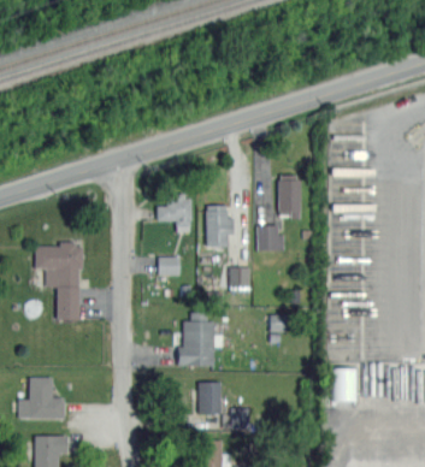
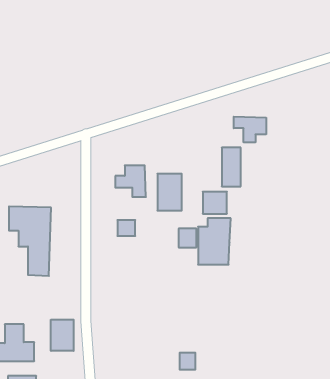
building: none -> [234,117,266,142]
building: [179,313,217,366] -> [198,218,231,265]
building: none -> [51,320,74,351]
building: [197,383,220,415] -> none

